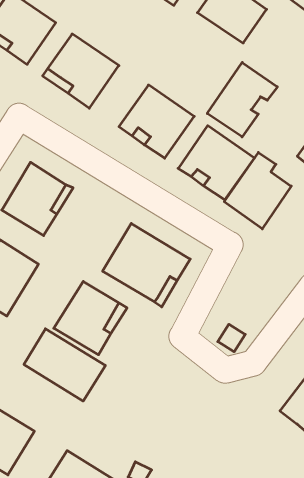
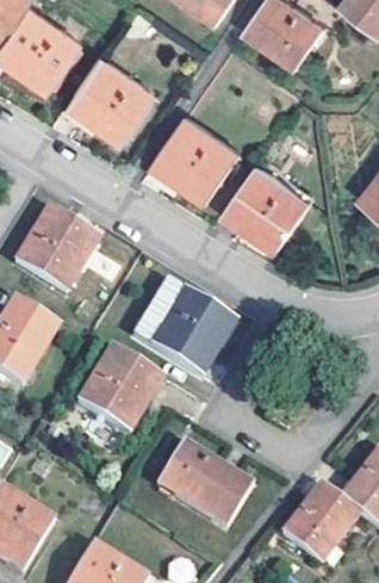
building: [207,62,277,137] -> none
building: [224,152,291,229] -> none
building: [24,329,105,401] -> [159,441,254,526]
building: none -> [282,483,361,563]

